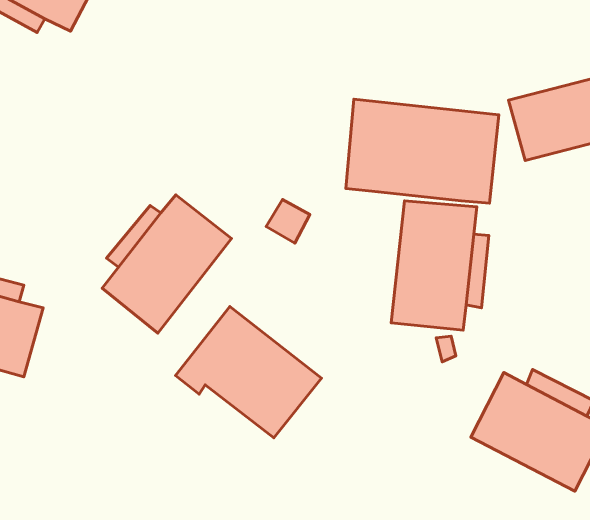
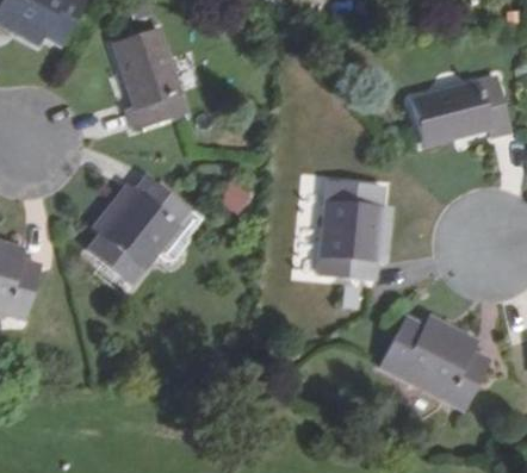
building: none -> [113,27,187,129]
building: [346,99,499,203] -> none
building: [176,307,322,438] -> none

